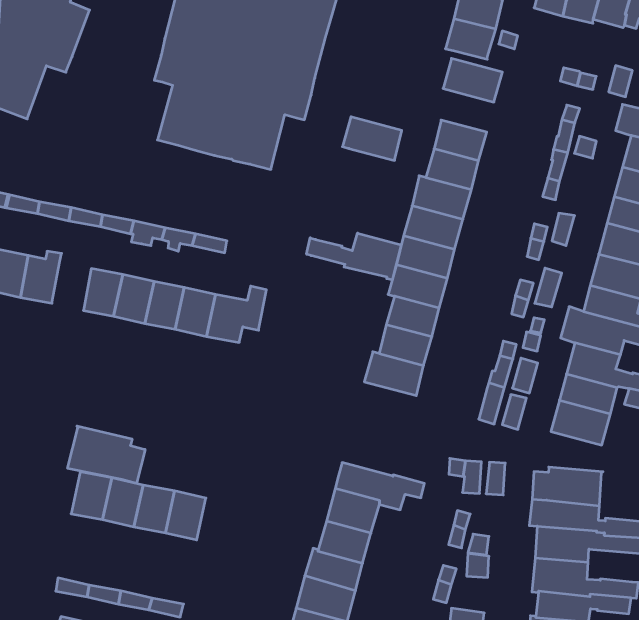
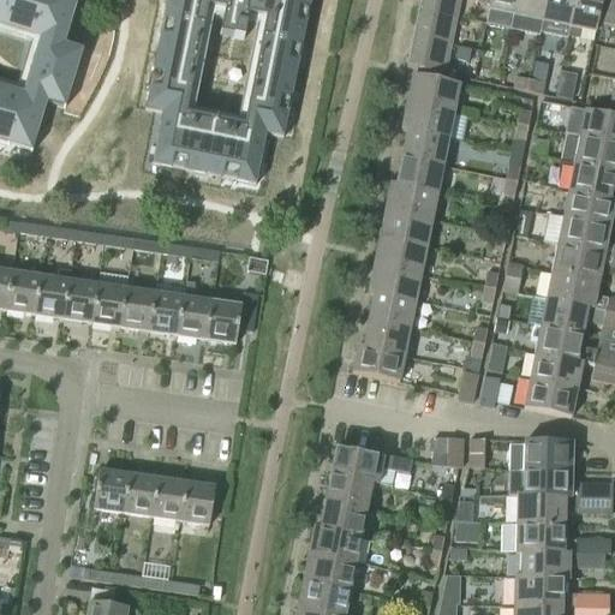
building: [342,117,402,160] -> [401,100,454,137]
building: [307,233,401,280] -> none
building: none -> [65,277,98,321]
building: [68,426,145,483] -> none

